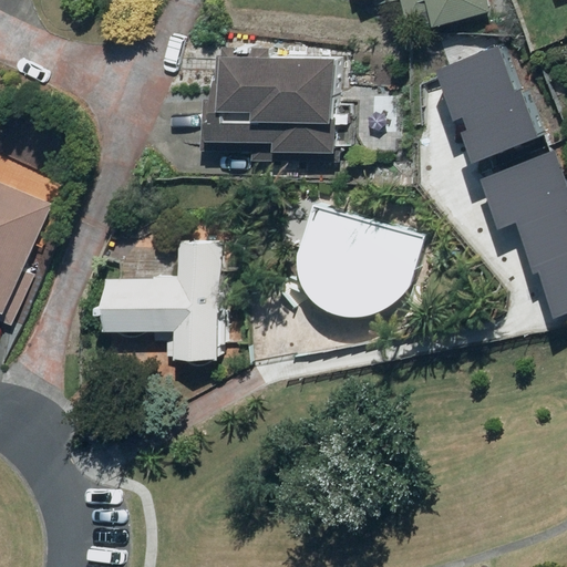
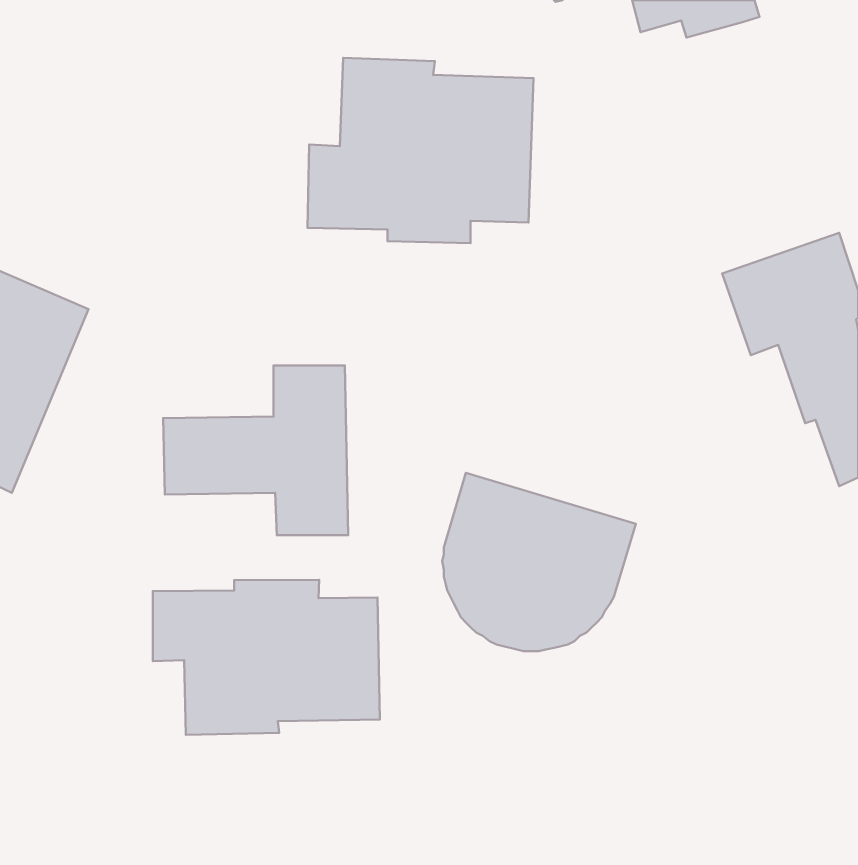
building: [426,48,532,164] -> none
building: [306,203,432,319] -> [442,473,636,651]
building: none -> [153,580,380,735]

